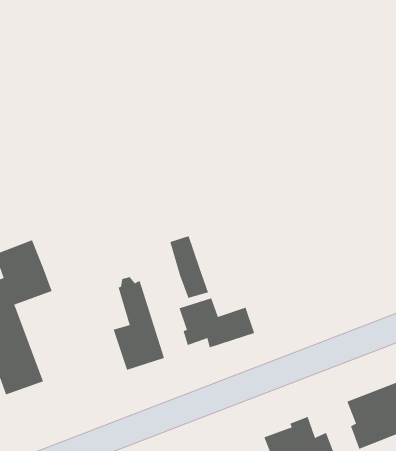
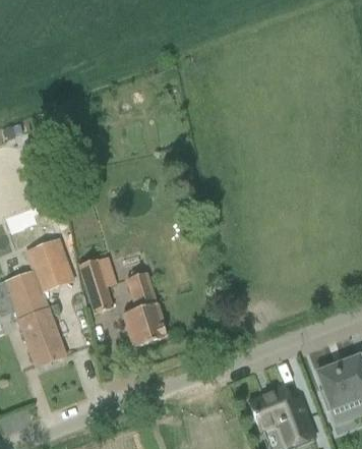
building: [169,236,209,299] -> [80,261,113,313]
building: [179,297,255,348] -> none

